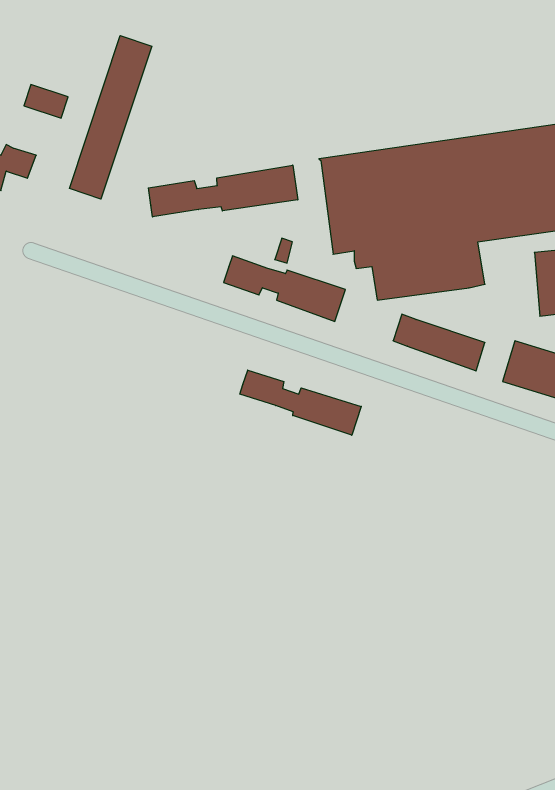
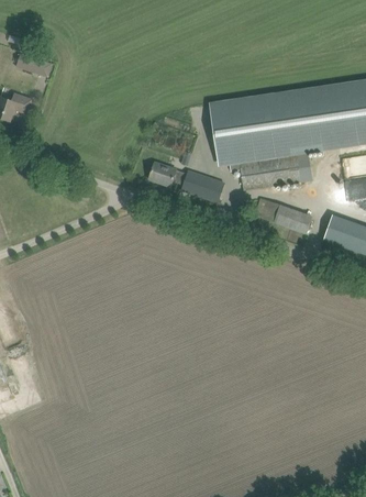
building: [69,36,152,199] -> none
building: [148,165,298,217] -> none
building: [240,370,361,435] -> none

